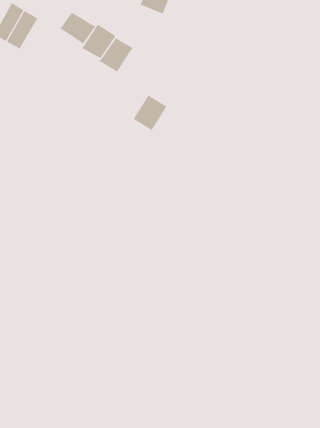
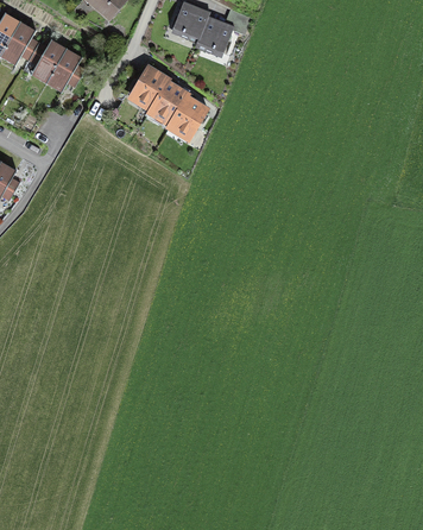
building: [59,12,96,45] -> none
building: [133,95,167,131] -> [169,95,207,135]

